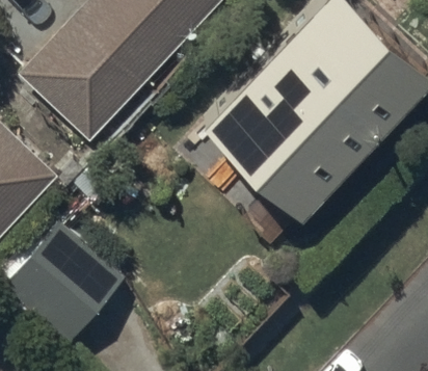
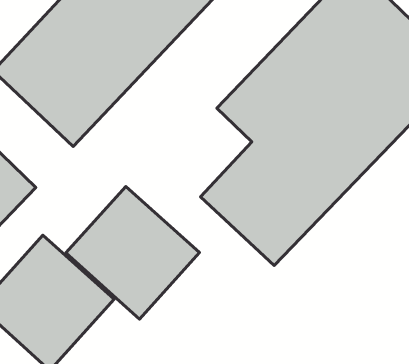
building: none -> [66,187,199,319]

